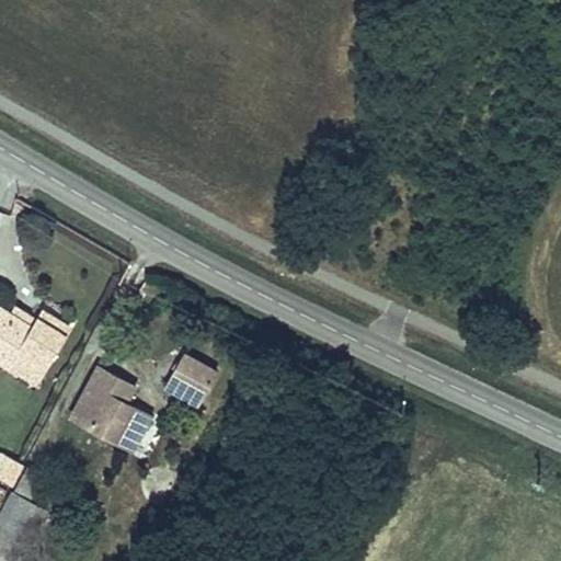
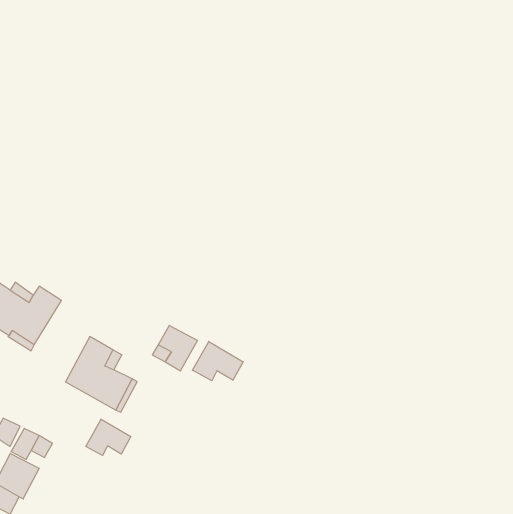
building: none -> [192,341,243,381]
building: none -> [86,419,131,455]

